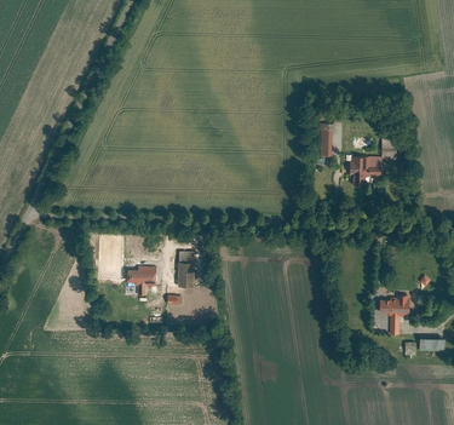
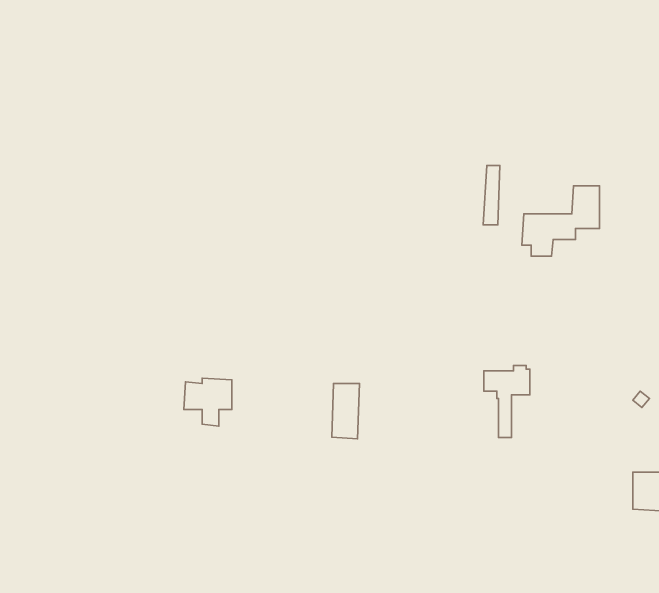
building: [178,249,196,286] -> [332,383,359,439]
building: [384,297,414,344] -> [484,365,530,437]

